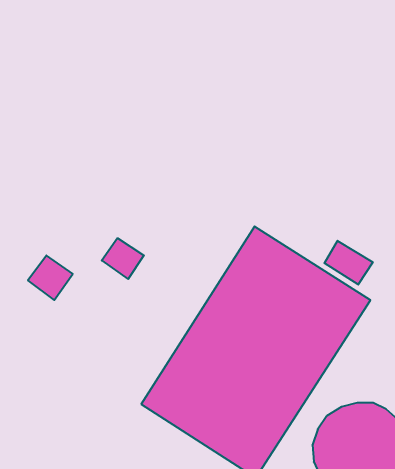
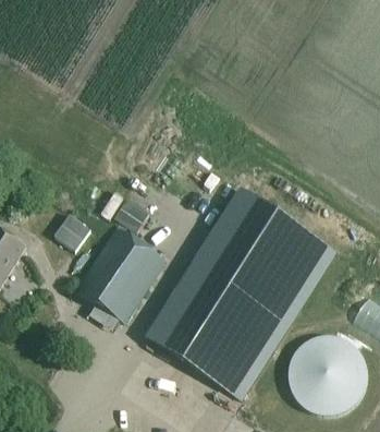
building: [324,241,373,285] -> none
building: none -> [76,227,167,321]

